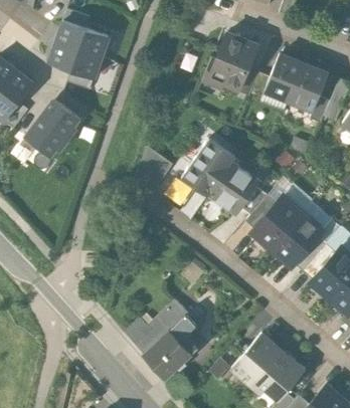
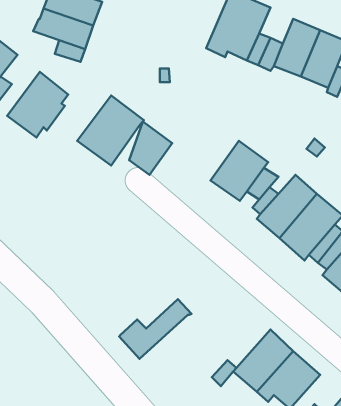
building: [176,134,235,196] -> [77,95,144,166]
building: [143,316,198,379] -> none

